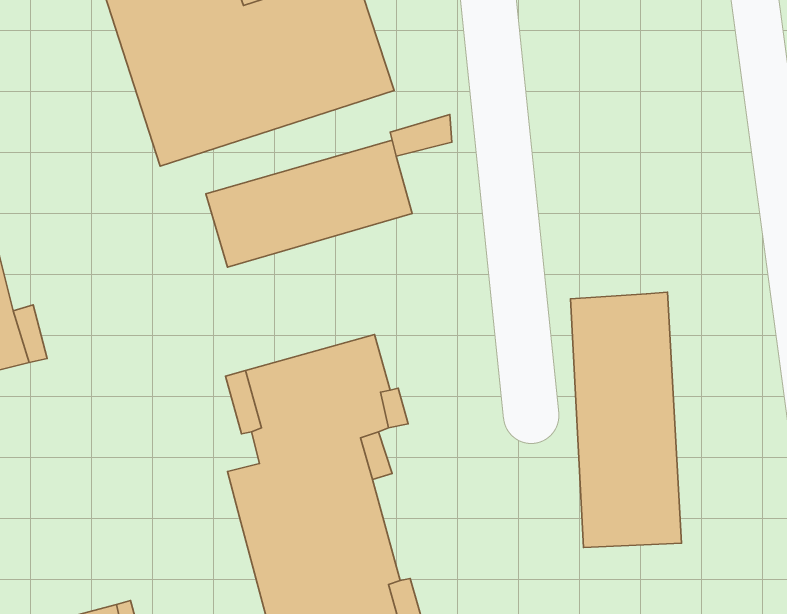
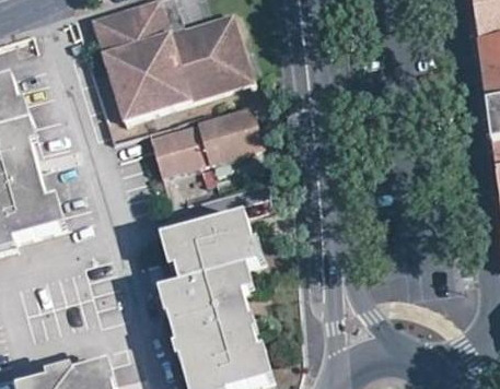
building: [570,292,681,548] -> none

